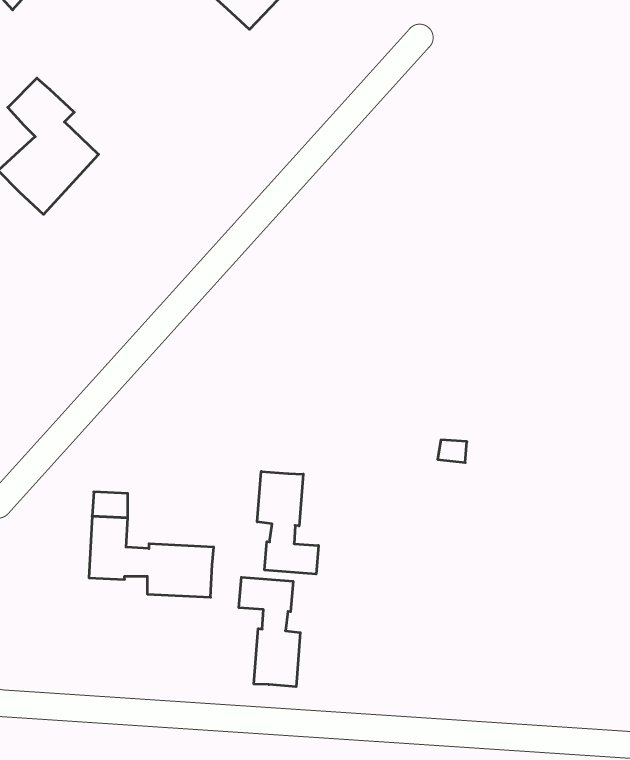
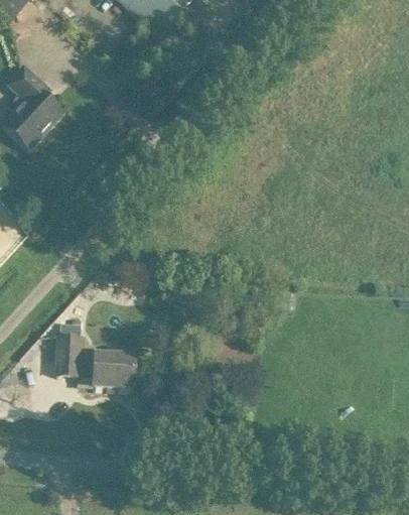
building: [257,471,318,574] -> none
building: [239,577,300,687] -> none

